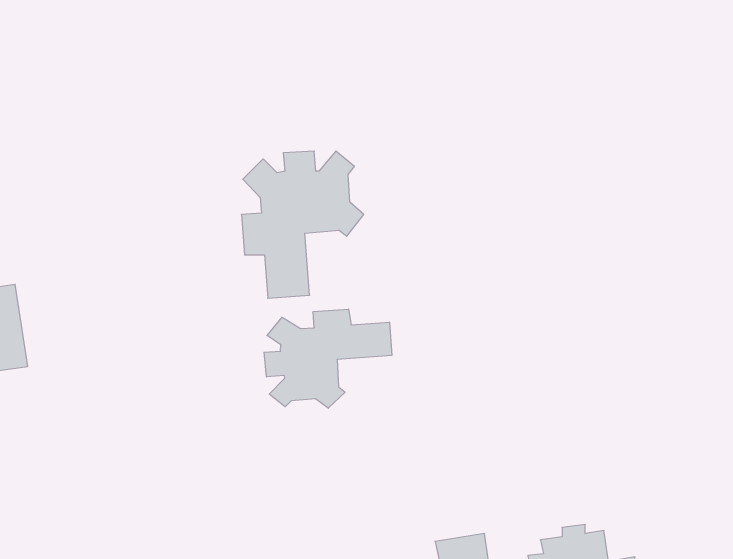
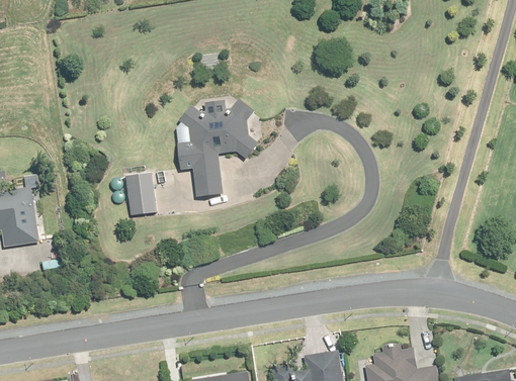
building: none -> [125,173,156,215]
building: [264,309,392,408] -> none

